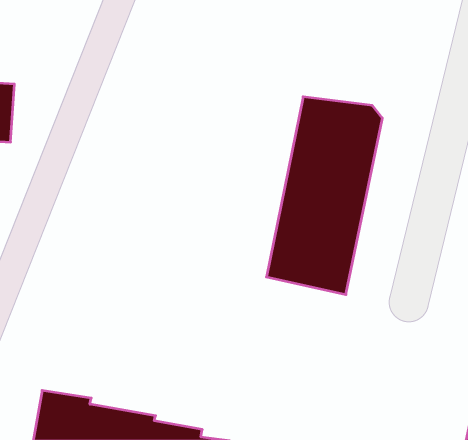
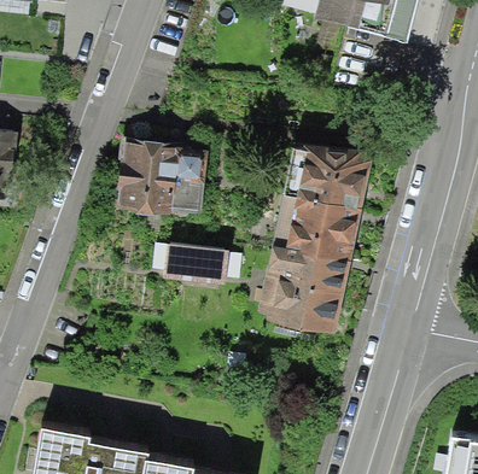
building: none -> [115,142,203,215]
building: none -> [157,241,223,285]

